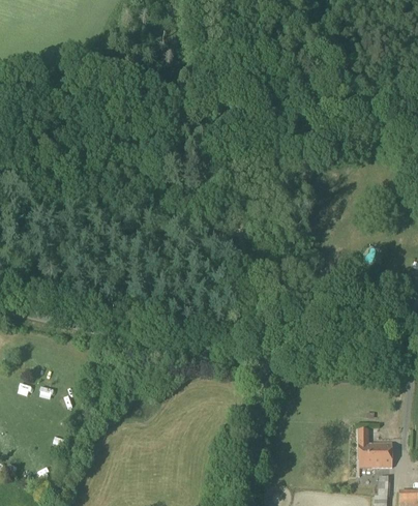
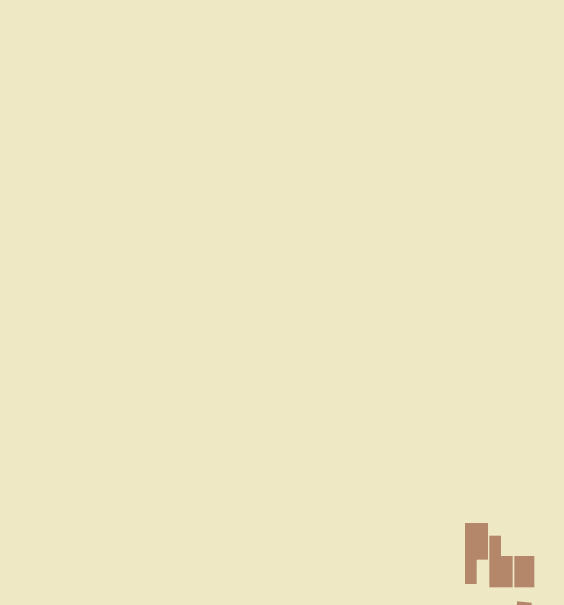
building: none -> [464,522,489,585]

